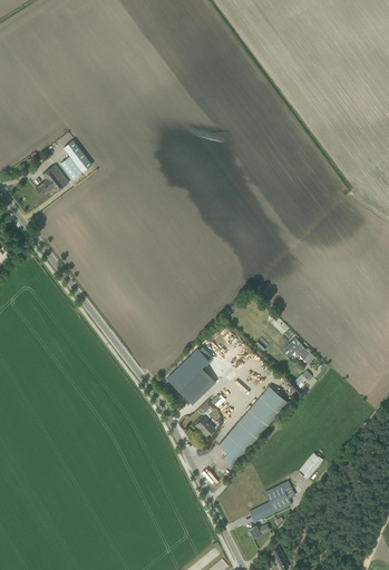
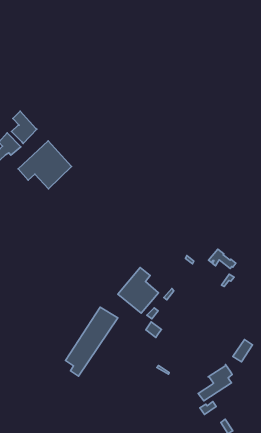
building: none -> [18,141,72,189]
building: [218,385,289,466] -> [66,307,118,376]

